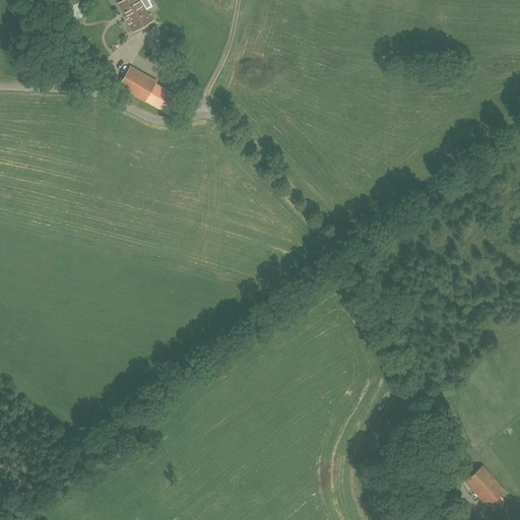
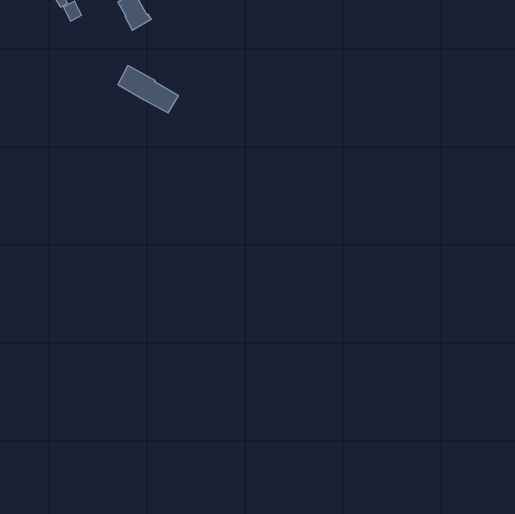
building: [464,464,505,506] -> none

